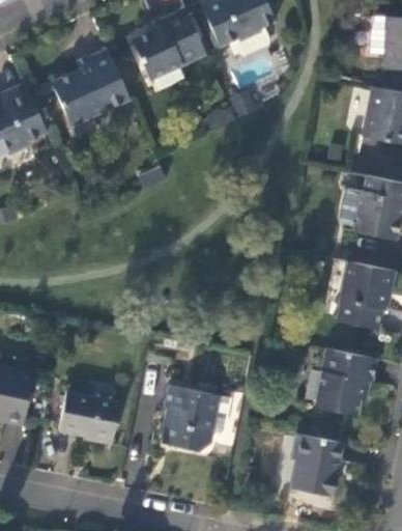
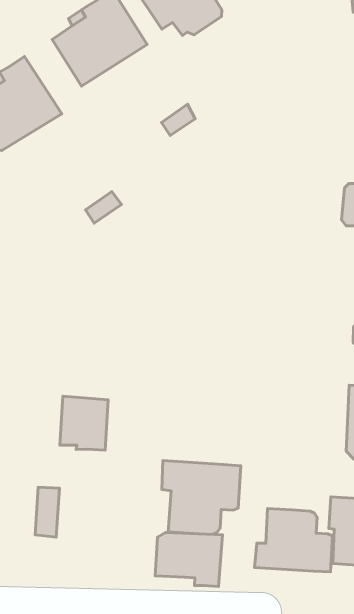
building: [76,395,119,443] -> [60,396,108,450]
building: none -> [254,508,332,572]
building: none -> [155,532,222,587]

